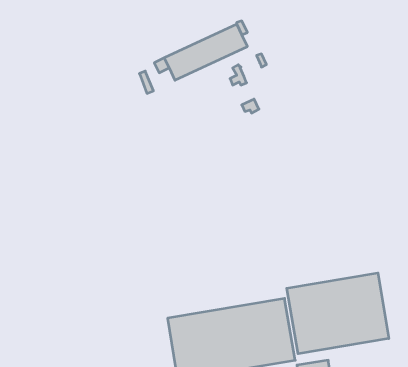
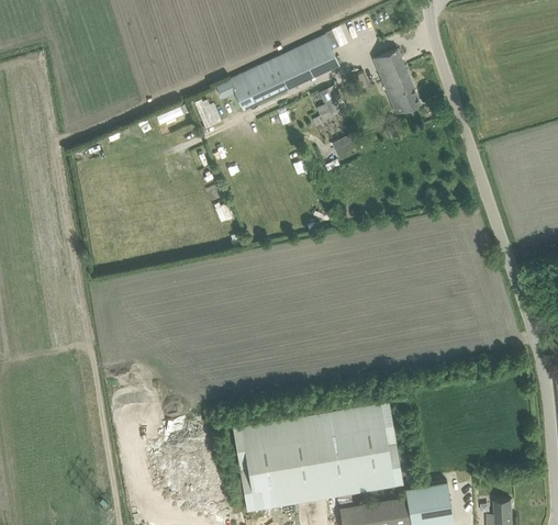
building: none -> [373,51,421,115]
building: [287,273,389,354] -> none

